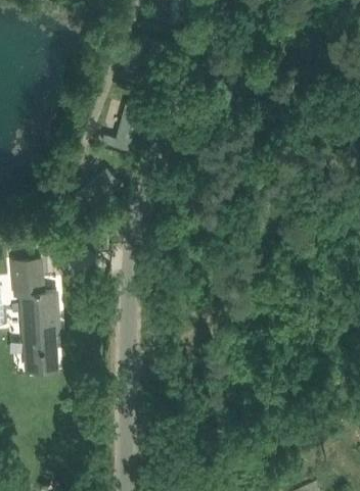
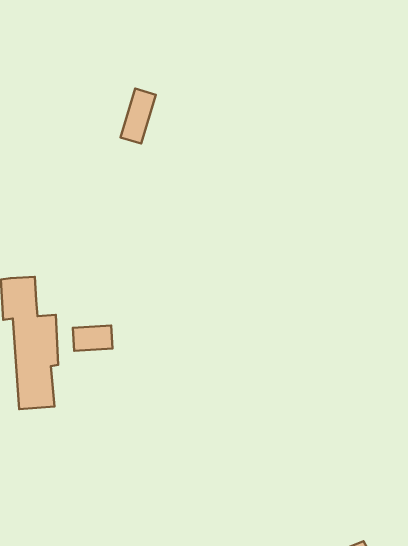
building: none -> [73,326,112,351]

